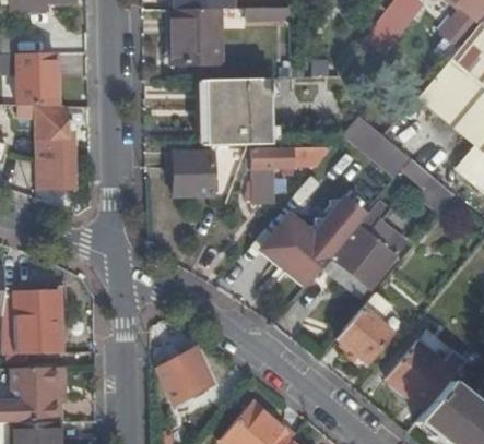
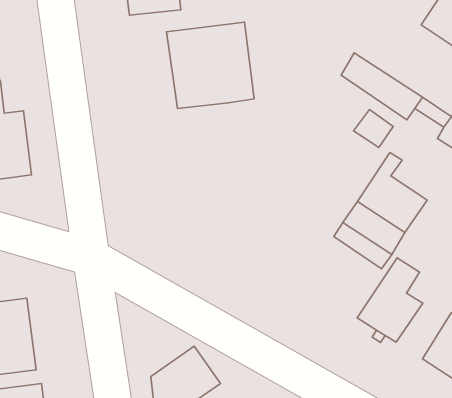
building: [248,147,328,201] -> none
building: [174,152,212,195] -> none
building: [264,202,363,286] -> none

